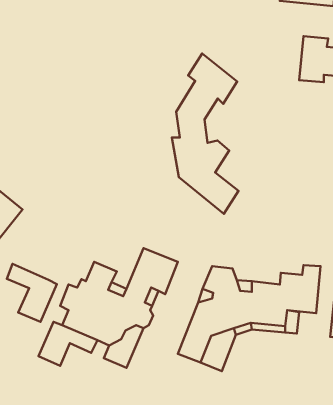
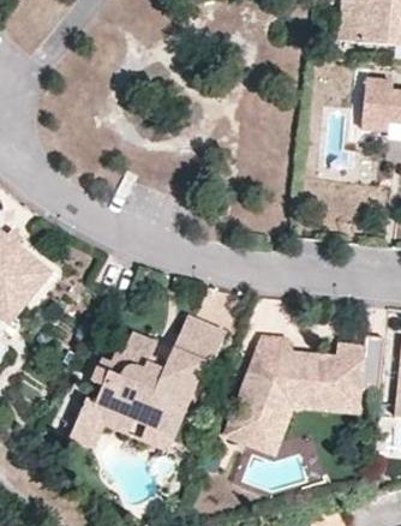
building: [172,53,239,214] -> none
building: [7,264,57,322] -> none

